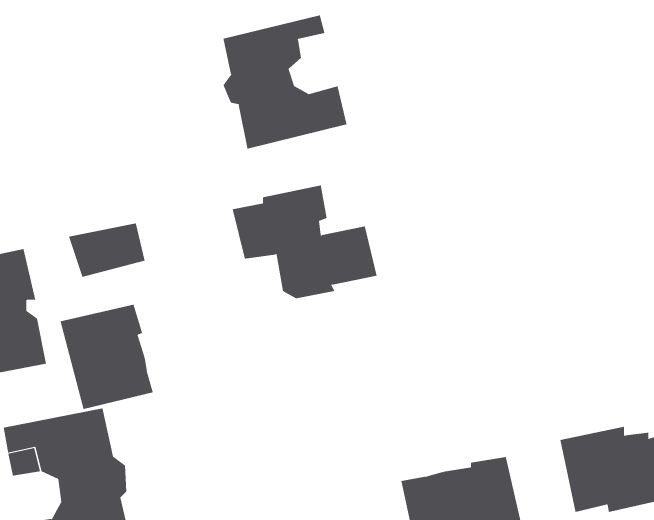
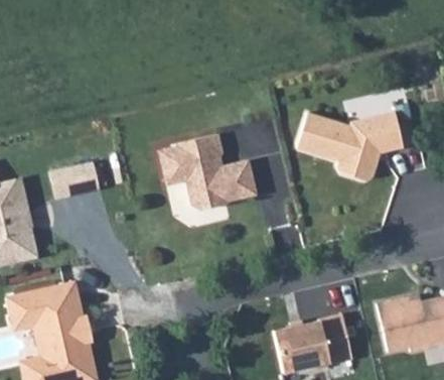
building: [223,15,347,150] -> none
building: none -> [298,113,406,182]
building: [60,304,154,410] -> none

